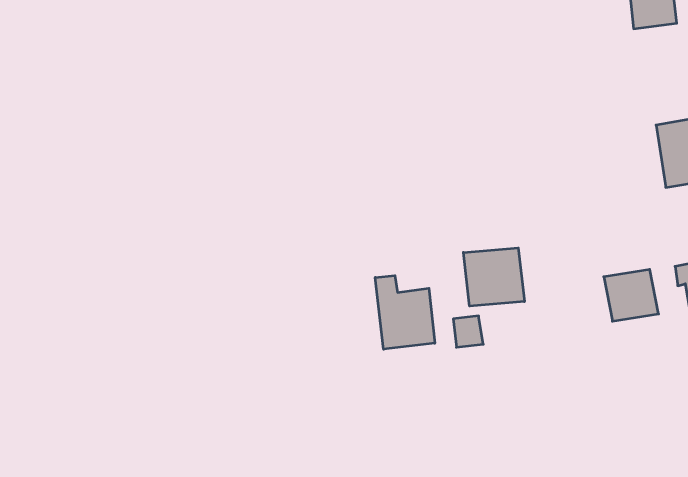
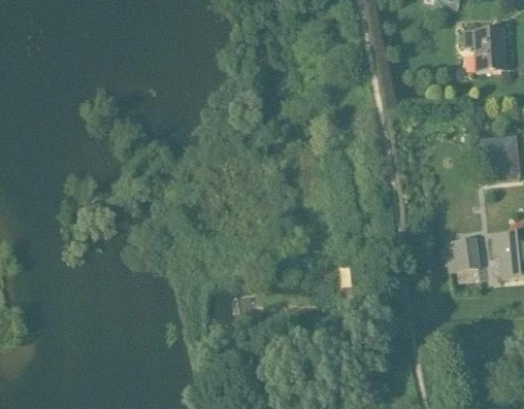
building: [463,248,524,306] -> none
building: [375,276,435,349] -> none

